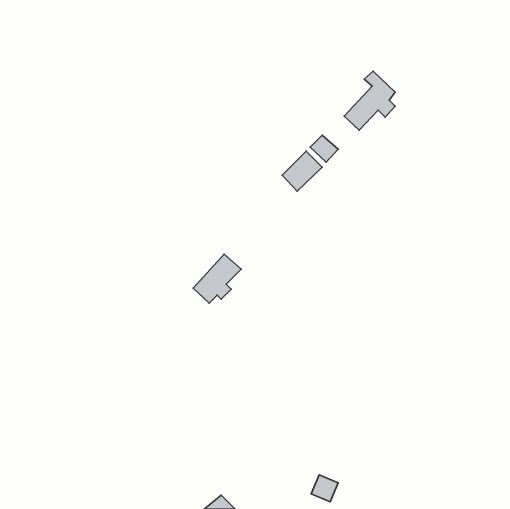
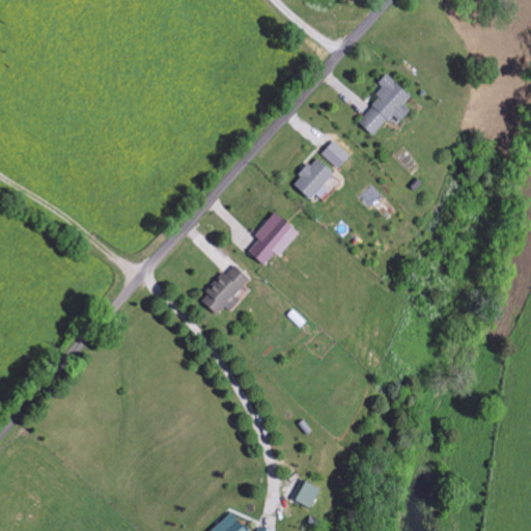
building: none -> [248,213,299,264]
building: [311,475,338,502] -> [291,480,319,508]

